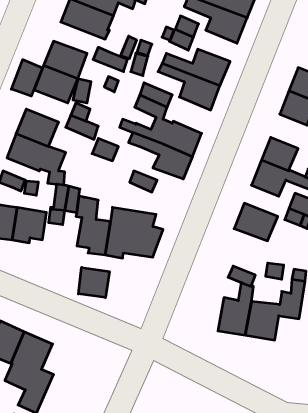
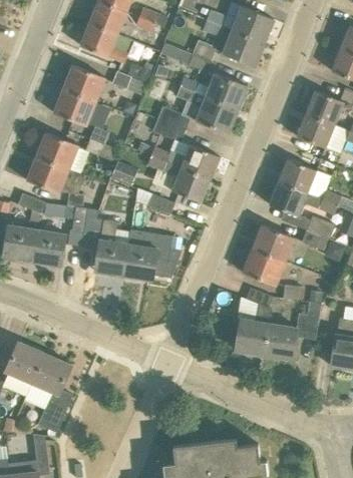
building: [11,60,43,96] -> none
building: none -> [242,251,284,288]
building: [78,267,109,298] -> none

